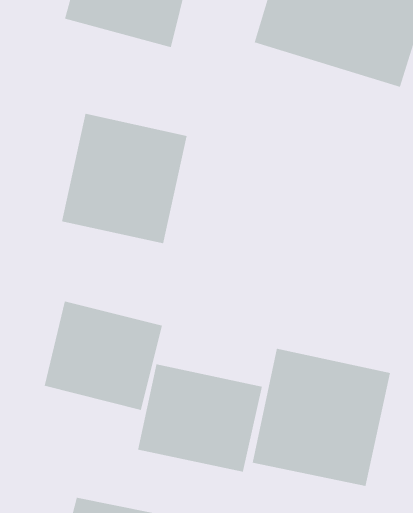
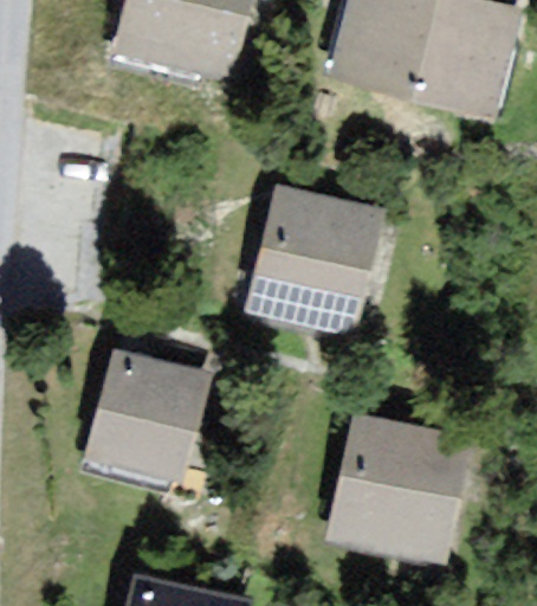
building: [61,113,188,244] -> [245,191,384,335]
building: [137,363,263,473] -> none

